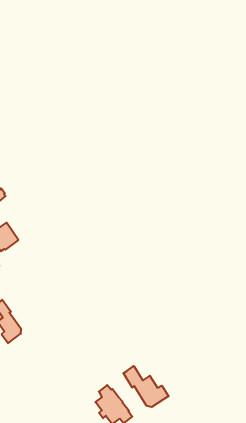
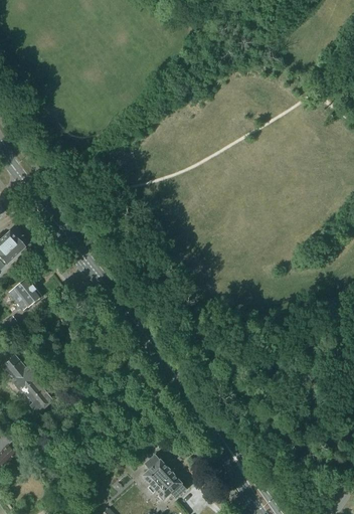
building: [123,366,169,407] -> none

